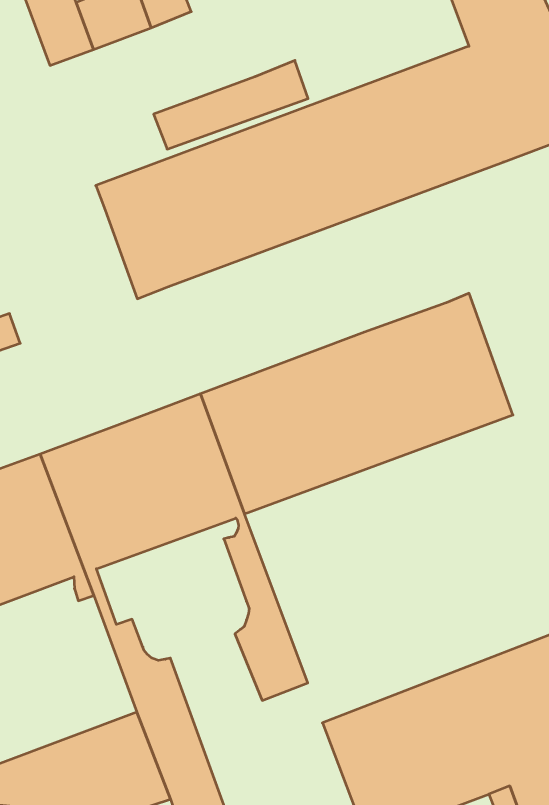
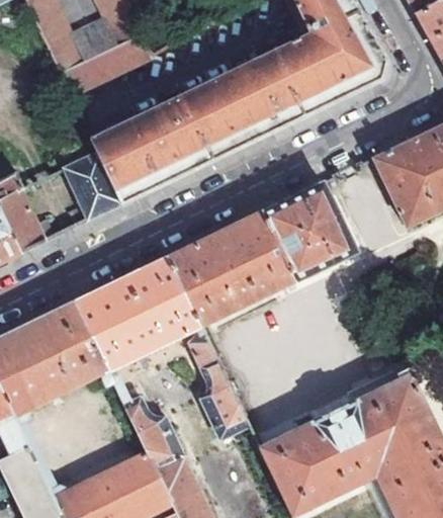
building: [154,60,308,149] -> [58,27,150,88]
building: none -> [64,152,123,227]

